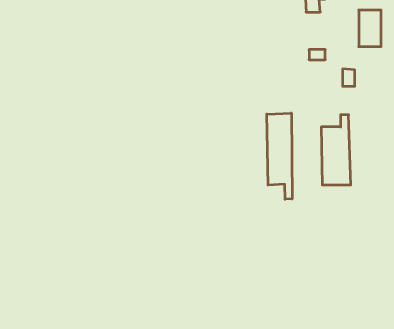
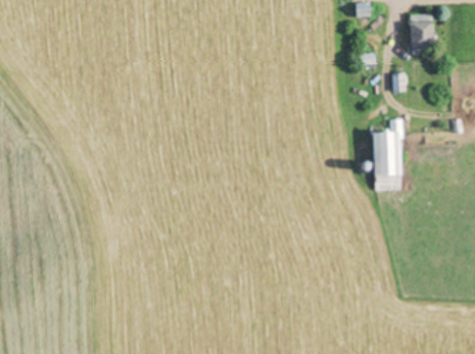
building: [267,113,292,199] -> none

